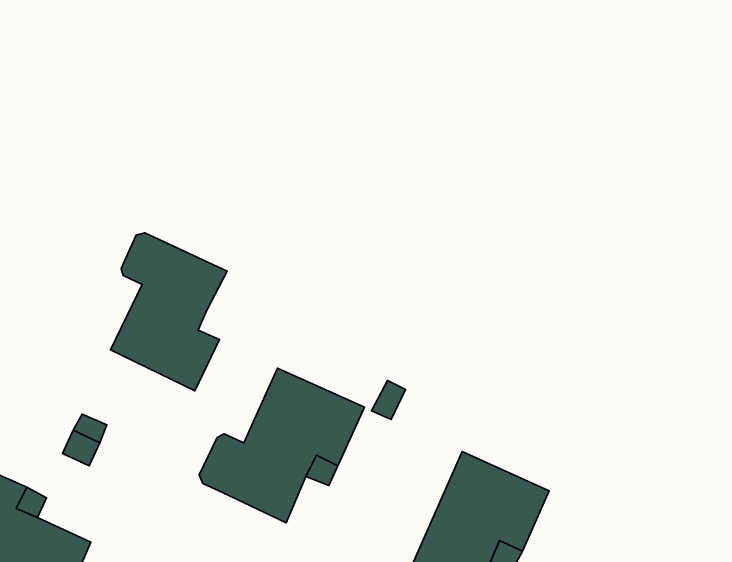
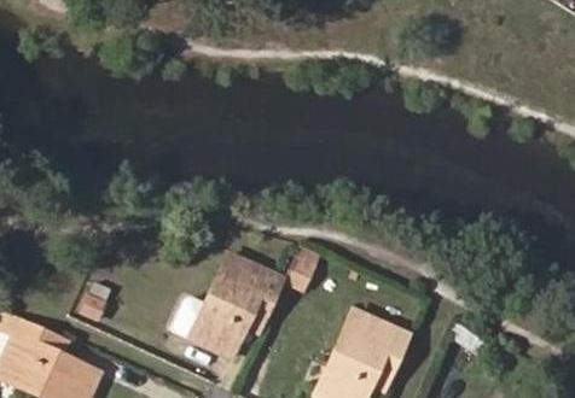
building: [110,233,227,391] -> none

